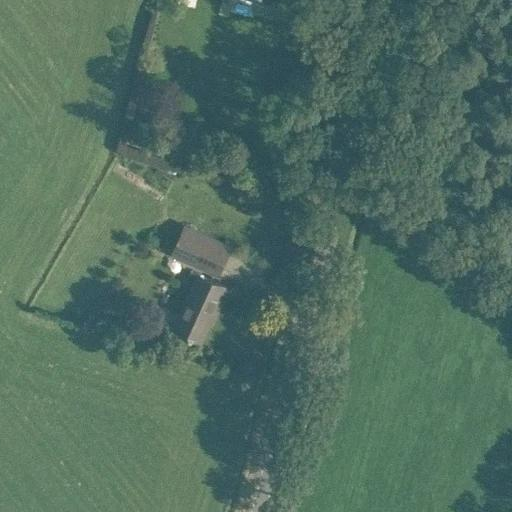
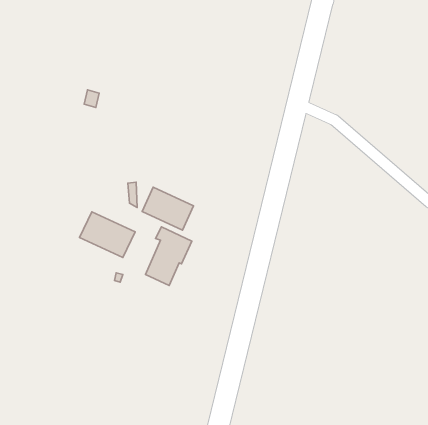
building: none -> [80,212,135,258]

